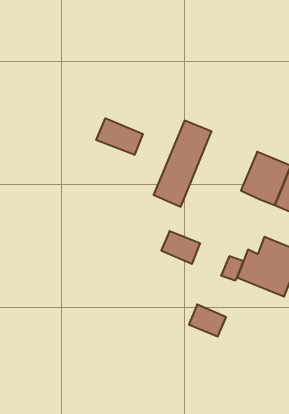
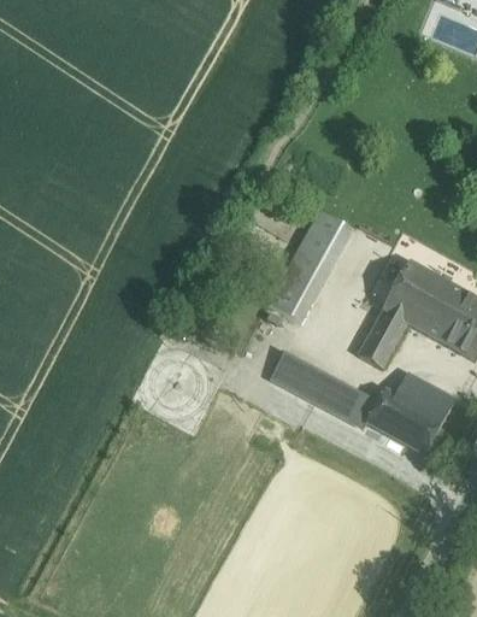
building: [96,118,143,155] -> none
building: none -> [358,308,406,366]
building: [189,304,226,336] -> [308,372,358,417]

